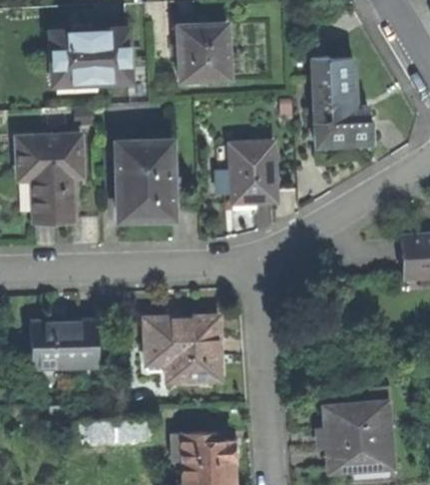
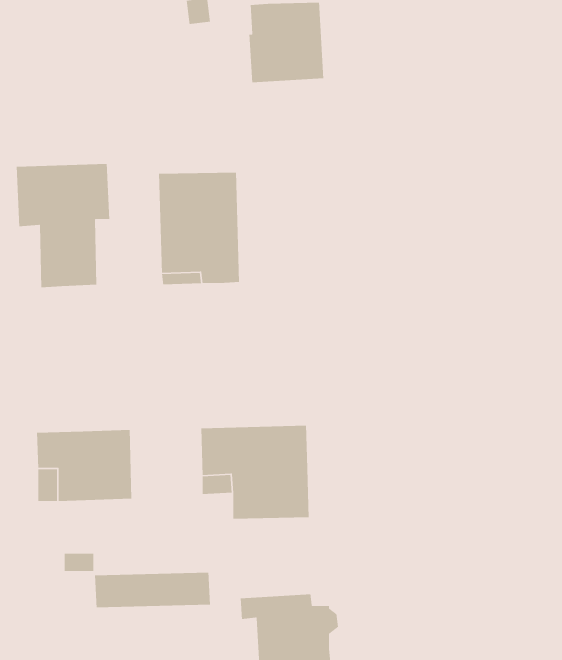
building: [51,29,128,81] -> none
building: [312,55,373,146] -> none
building: [231,142,276,202] -> none
building: [321,390,389,473] -> none

